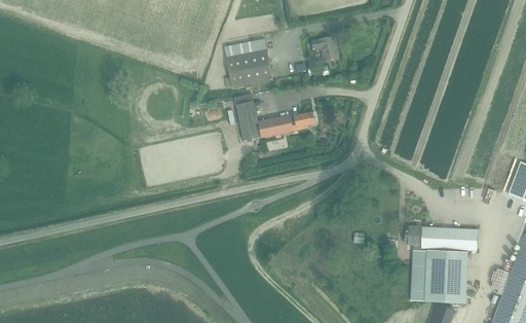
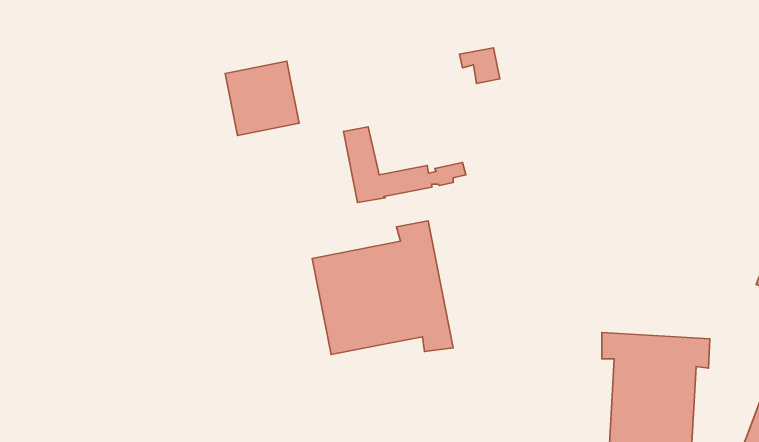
building: [224,38,273,87] -> [225,61,299,135]
building: none -> [312,221,453,355]

